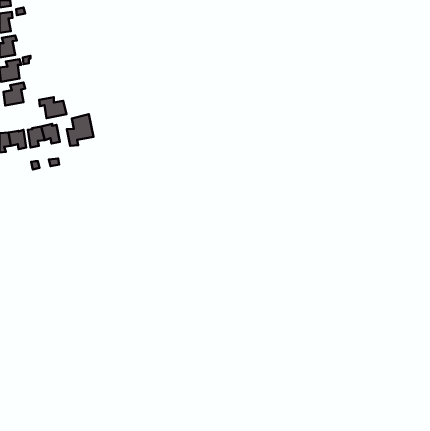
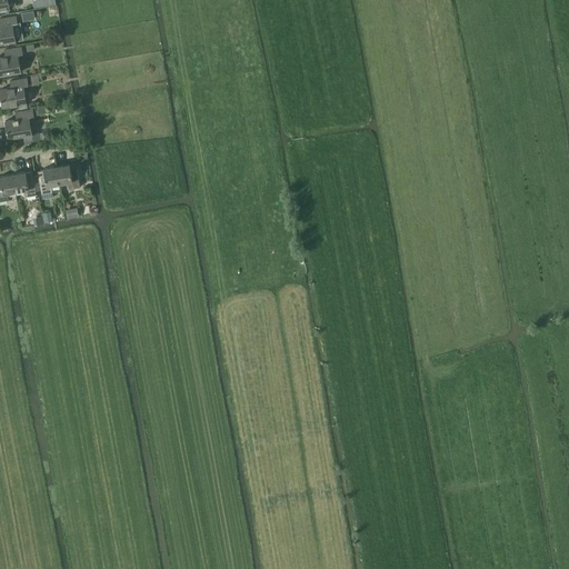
building: [39,97,67,118] -> none
building: [67,114,94,146] -> none

